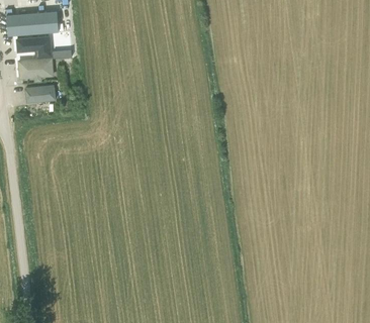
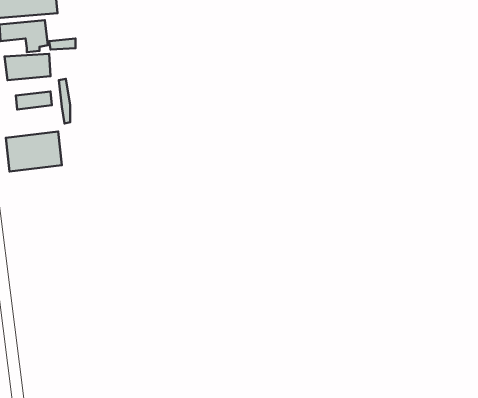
building: none -> [6,131,62,171]

